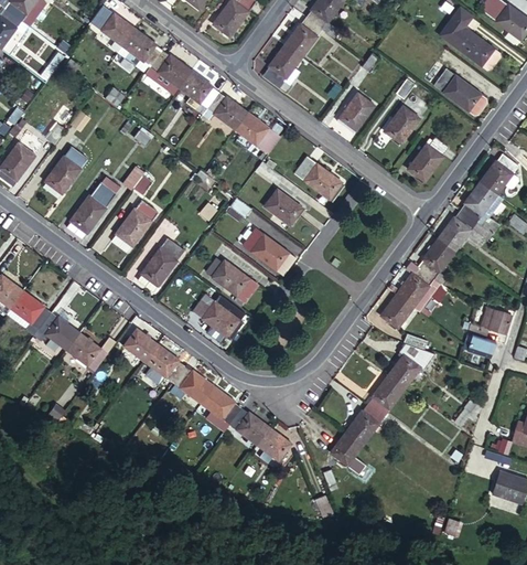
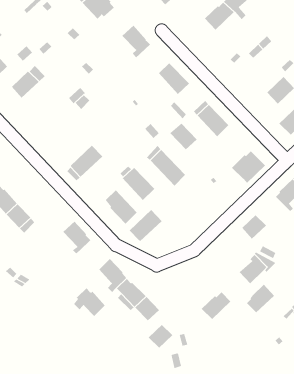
building: [264,45,302,94] -> none
building: [151,51,192,87] -> none
building: [203,92,248,128] -> none
building: [336,92,375,134] -> none
building: [67,182,115,237] -> none
building: [110,198,159,252] -> none
building: [397,266,442,311] -> [231,151,266,184]
building: none -> [129,209,163,242]
building: [125,328,159,361] -> none
building: [171,365,214,403] -> [73,287,105,317]
building: [369,374,406,415] -> [246,284,275,313]
building: [331,431,364,465] -> [148,324,173,349]

